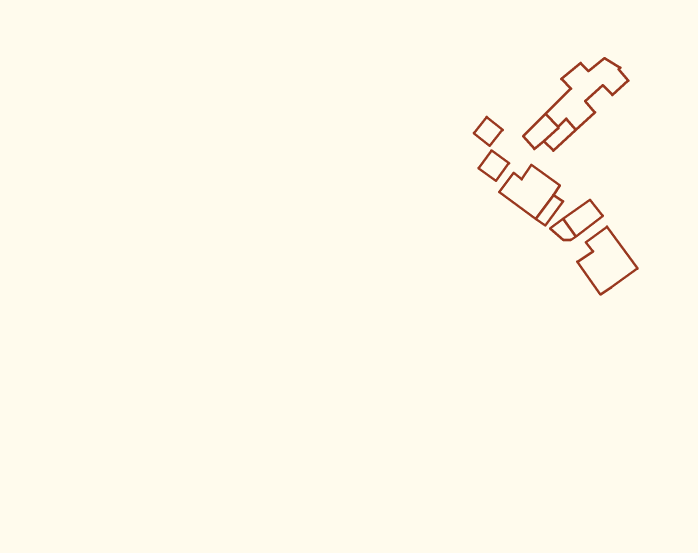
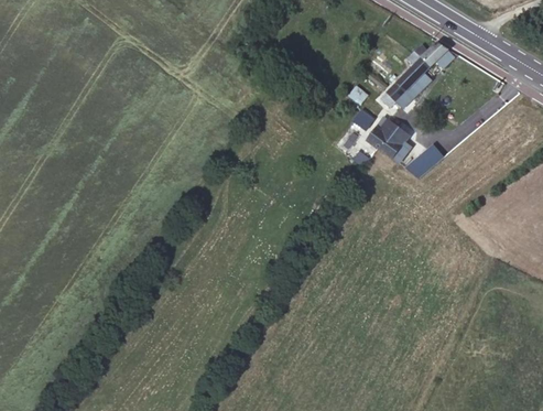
building: [577,227,637,294] -> none

